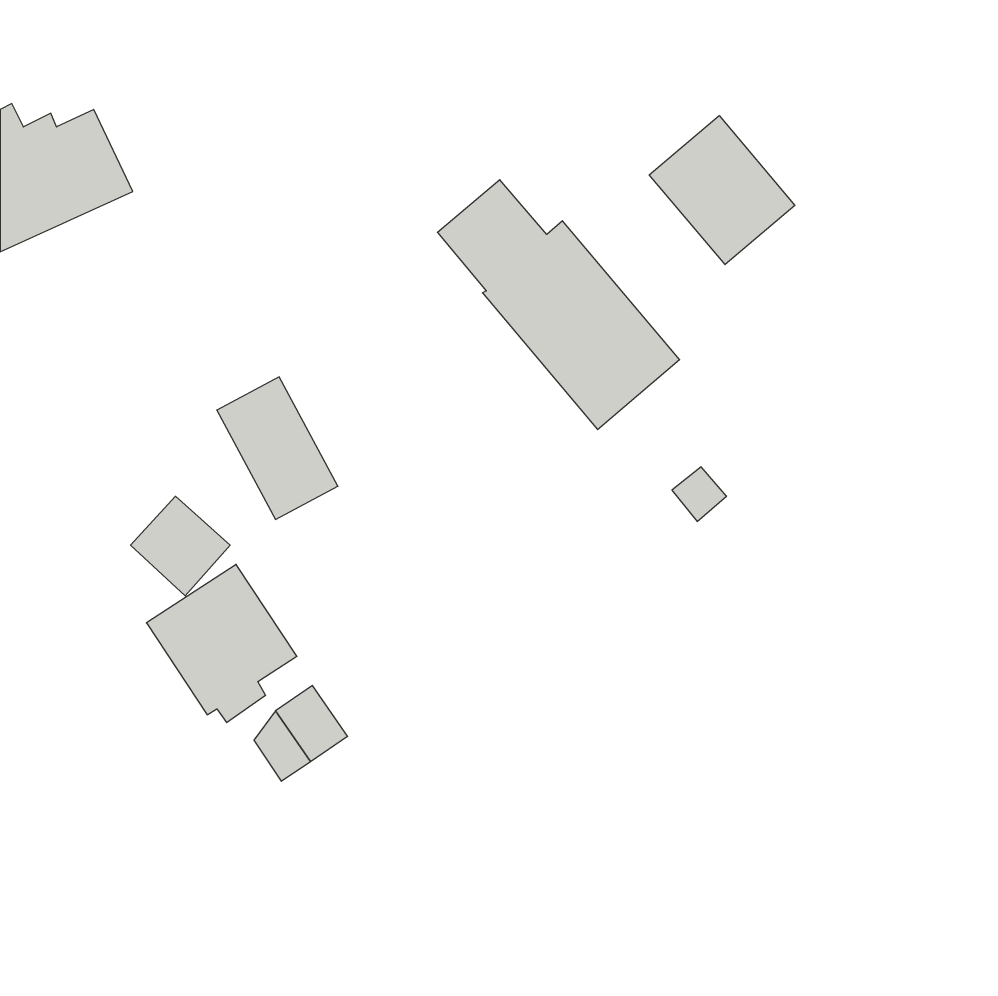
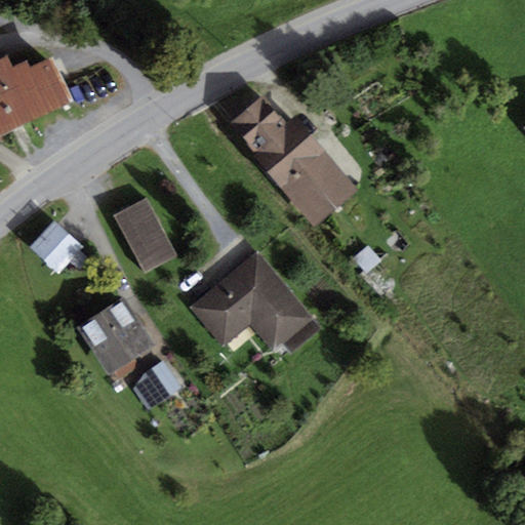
building: [649,116,795,265] -> none
building: none -> [190,250,321,353]
building: [131,496,230,596] -> [31,220,83,273]

